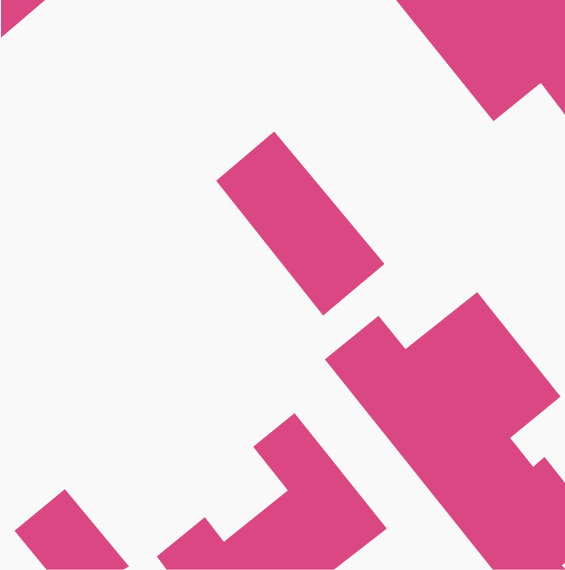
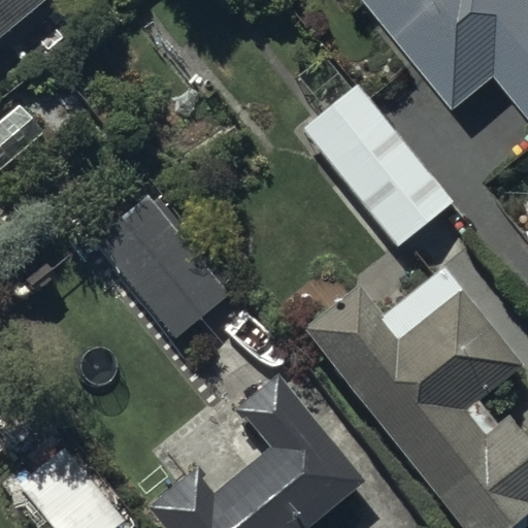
building: [215,131,386,316] -> [301,80,458,252]
building: none -> [87,187,205,310]

